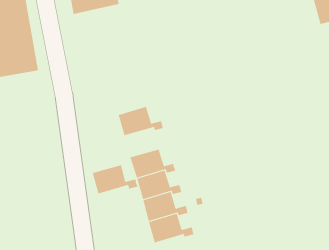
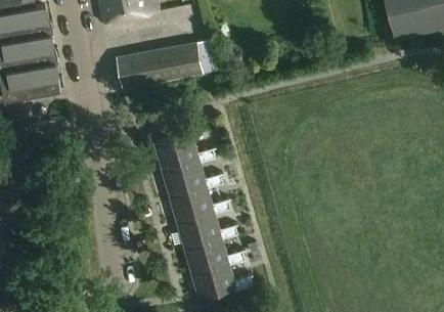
building: none -> [116,41,216,89]
building: [92,164,139,194] -> [162,158,218,193]

